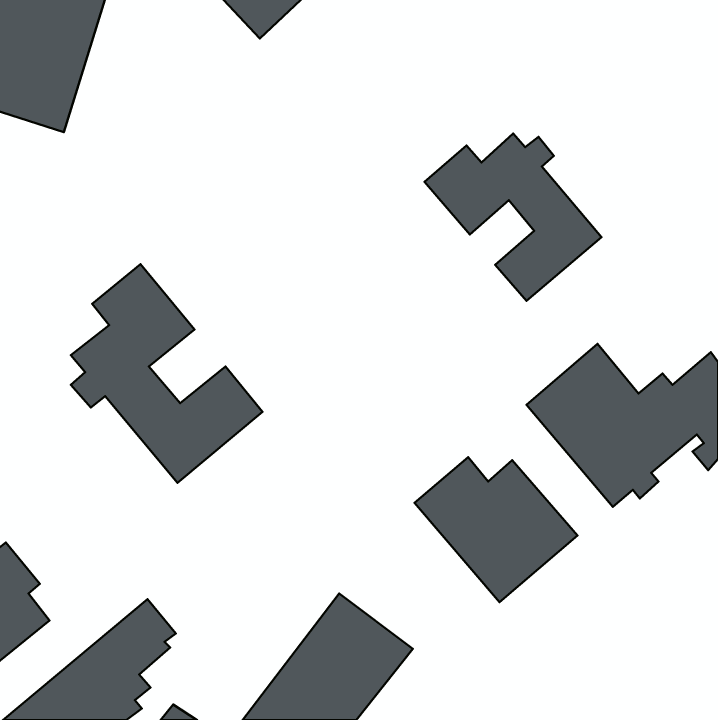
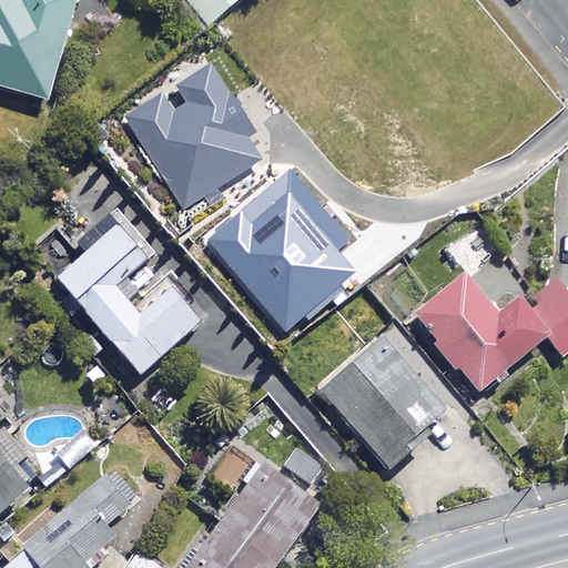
building: none -> [120,58,256,203]
building: [425,133,602,301] -> none
building: none -> [202,165,351,326]

